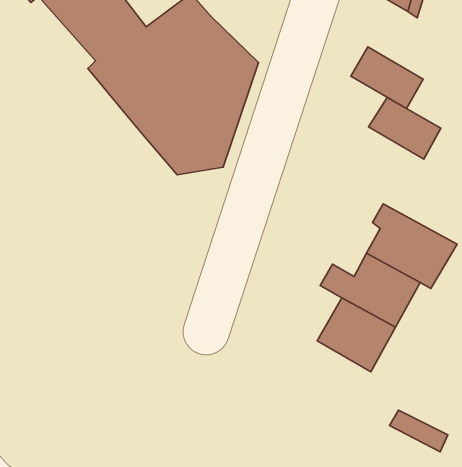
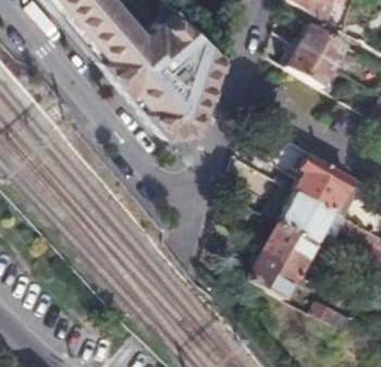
building: [369,98,441,159] -> [296,22,347,65]
building: none -> [245,250,298,298]

